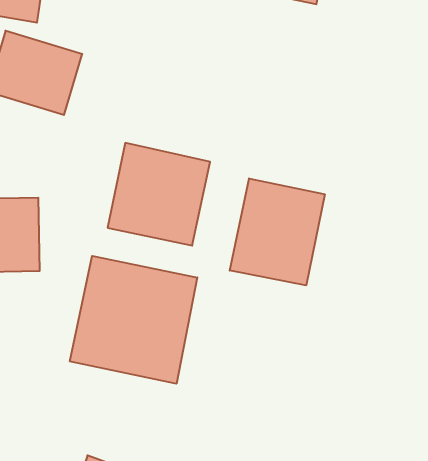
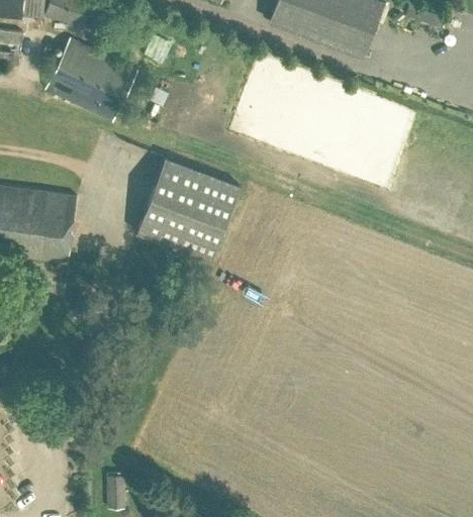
building: [230,178,325,285] -> none
building: [70,256,197,384] -> none

